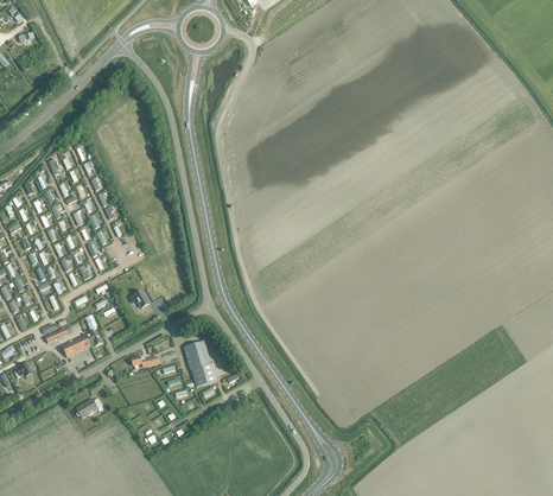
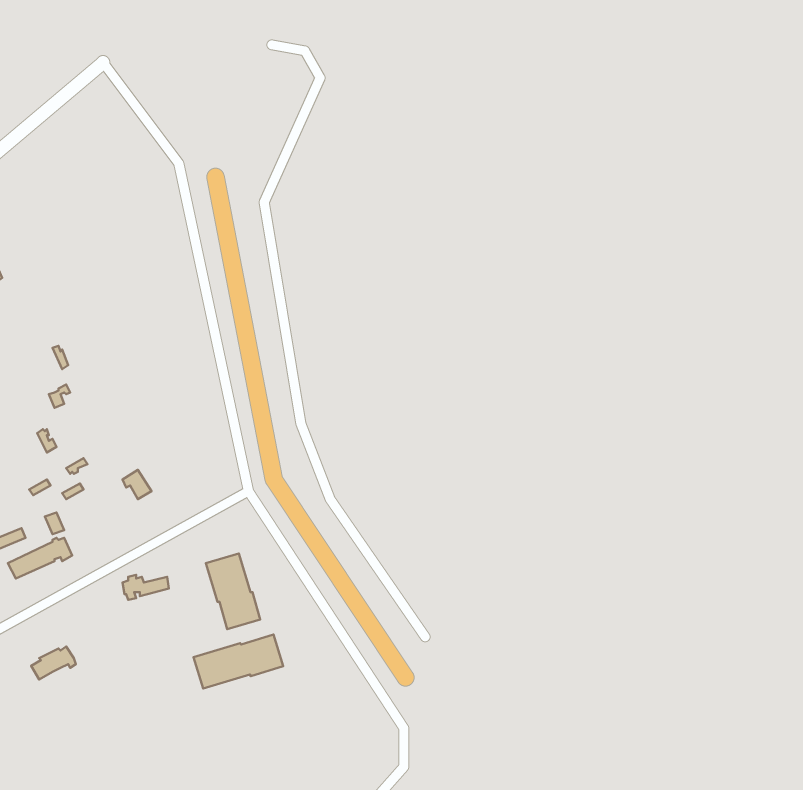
building: none -> [193,635,283,689]

